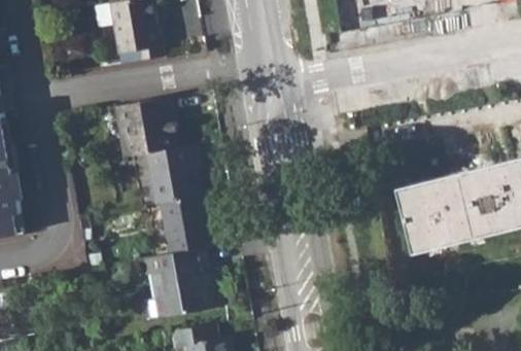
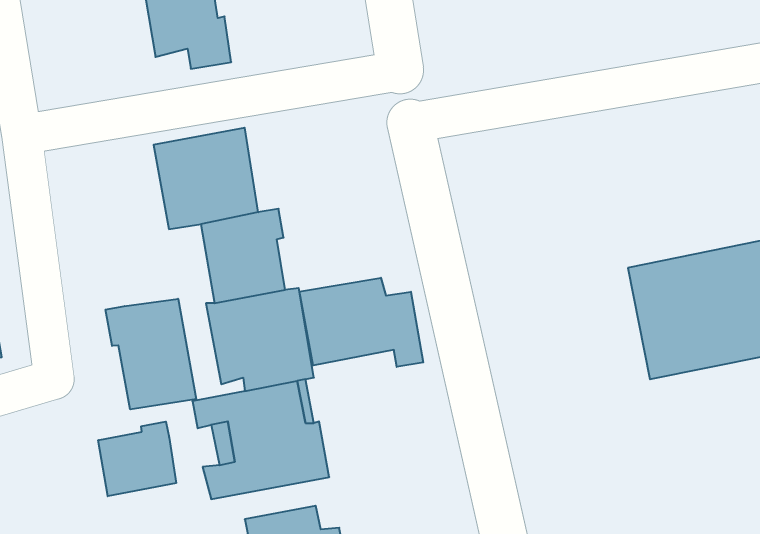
building: none -> [299,278,423,367]
building: none -> [106,299,196,409]
building: none -> [98,422,176,496]

